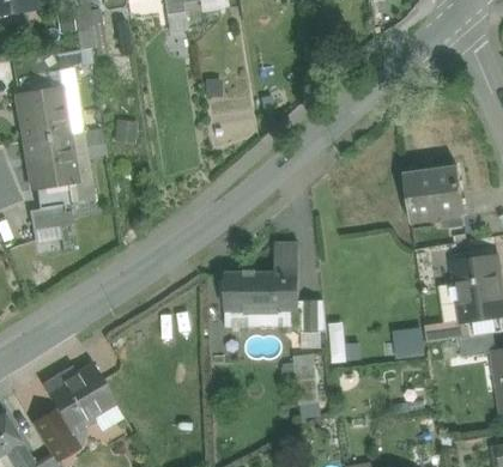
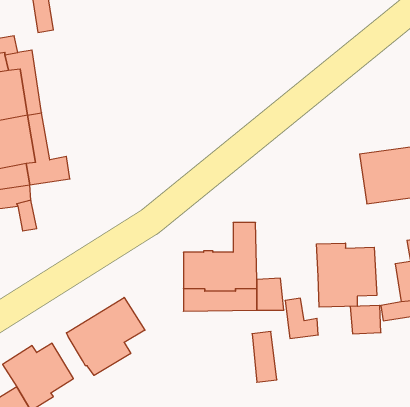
building: none -> [317,243,377,307]
building: none -> [66,297,145,375]

